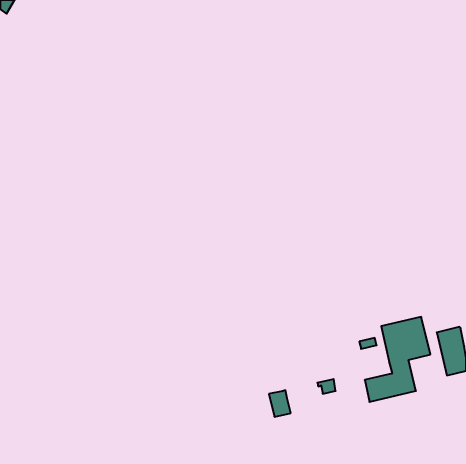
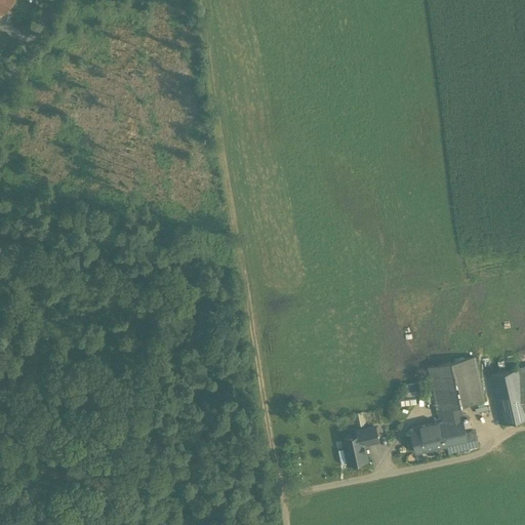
building: [269,390,291,417] -> [342,436,367,466]

